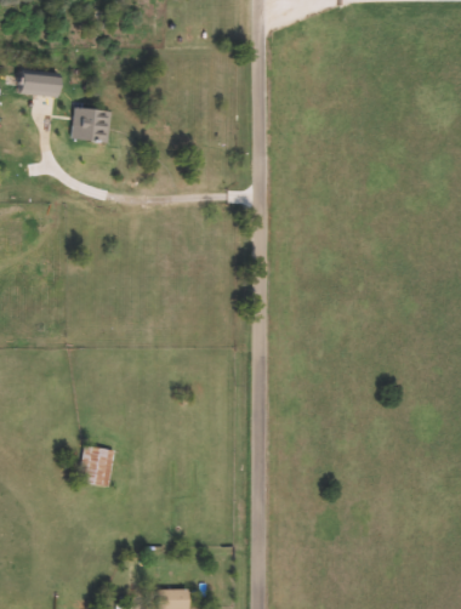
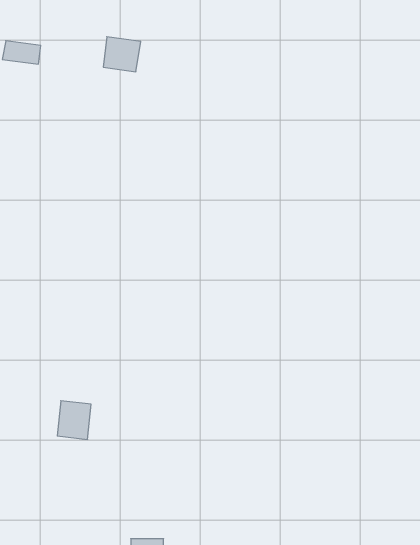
building: [70,106,109,142] -> [103,37,141,72]

